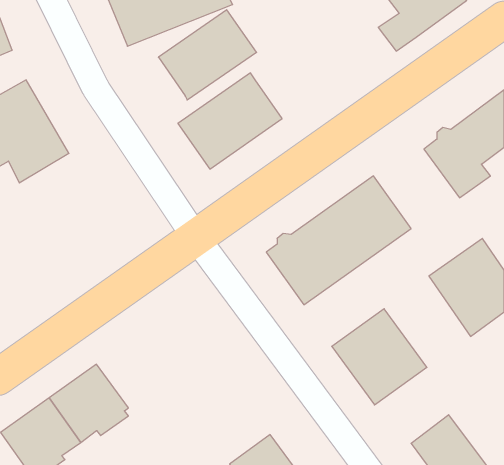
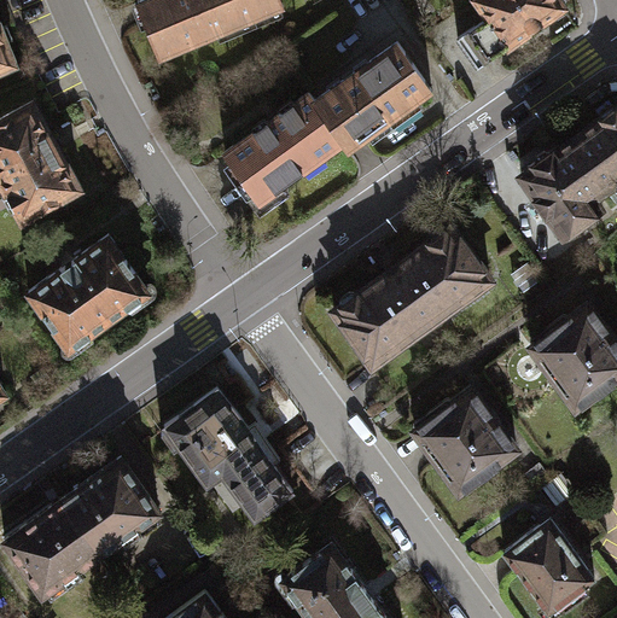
building: [158,10,257,100] -> [312,47,431,157]
building: none -> [33,243,155,358]
building: none -> [162,380,292,512]

